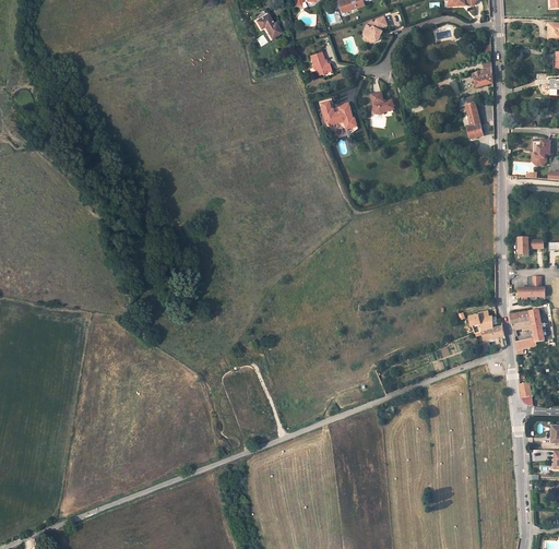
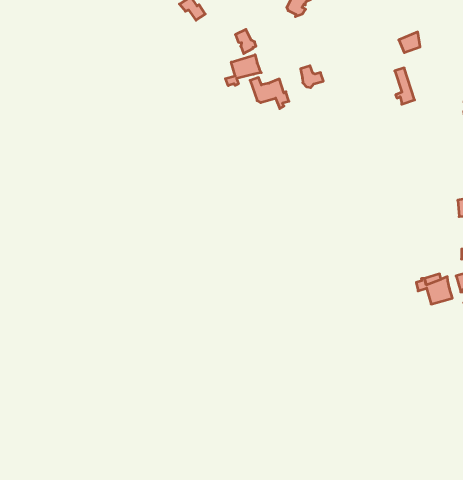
building: none -> [225,55,261,86]

